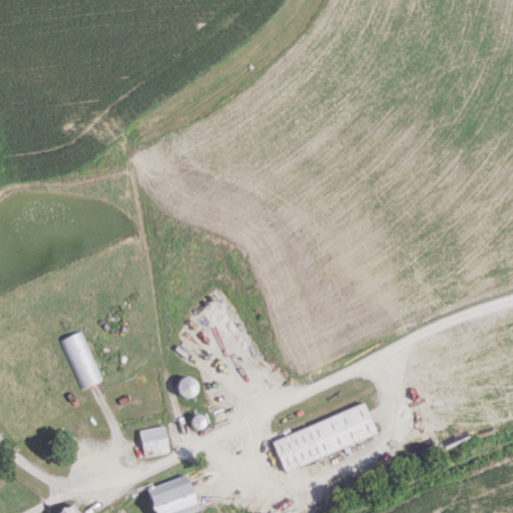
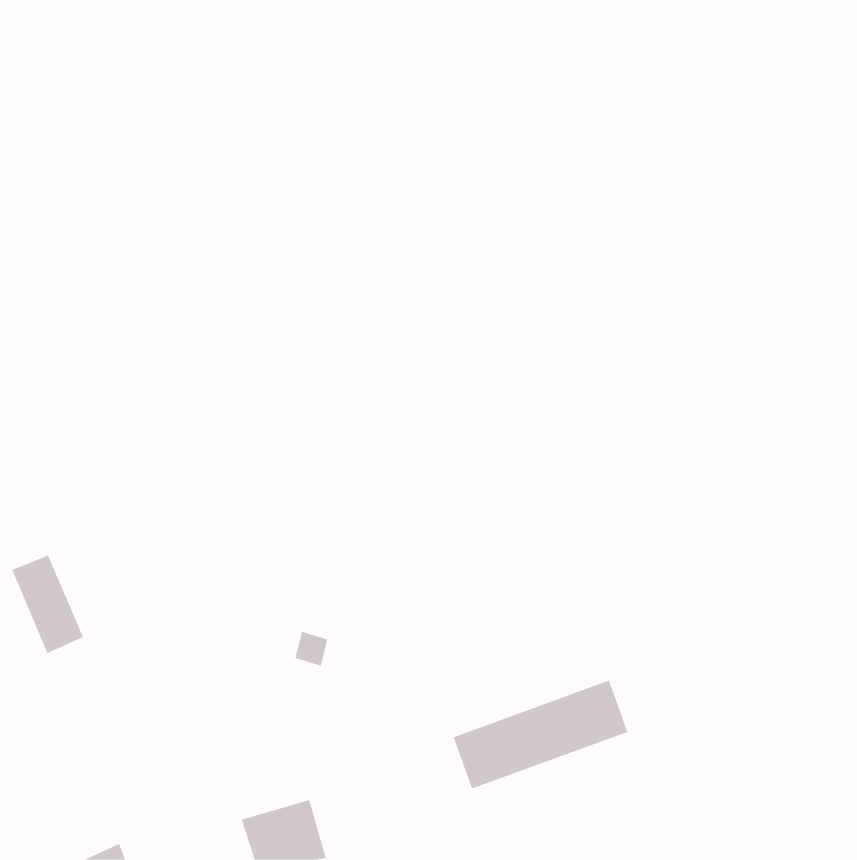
building: [61,330,104,389] -> [11,555,84,654]
building: [140,427,168,456] -> none

